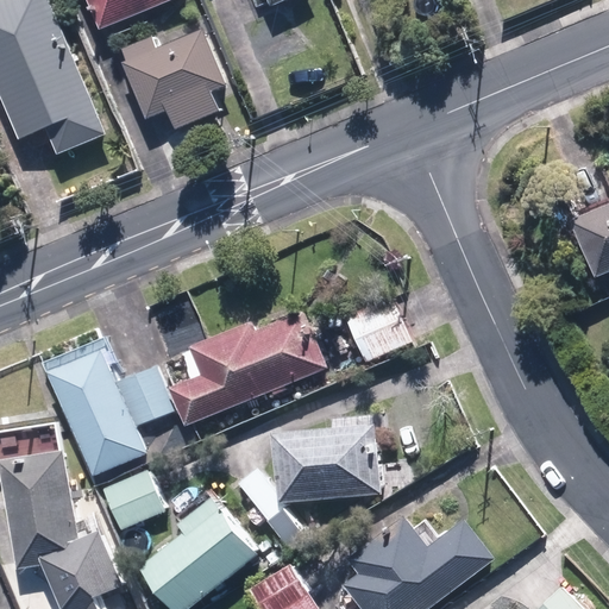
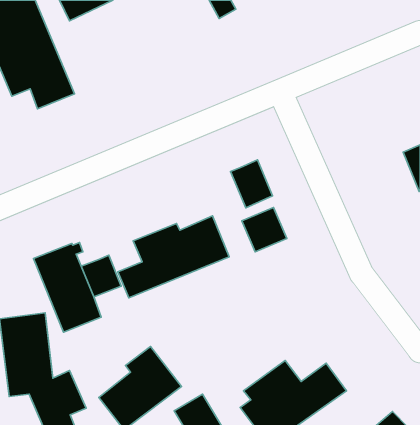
building: [115,25,222,132] -> none
building: none -> [231,160,273,208]
building: [271,423,378,504] -> none
building: [101,471,164,532] -> none

